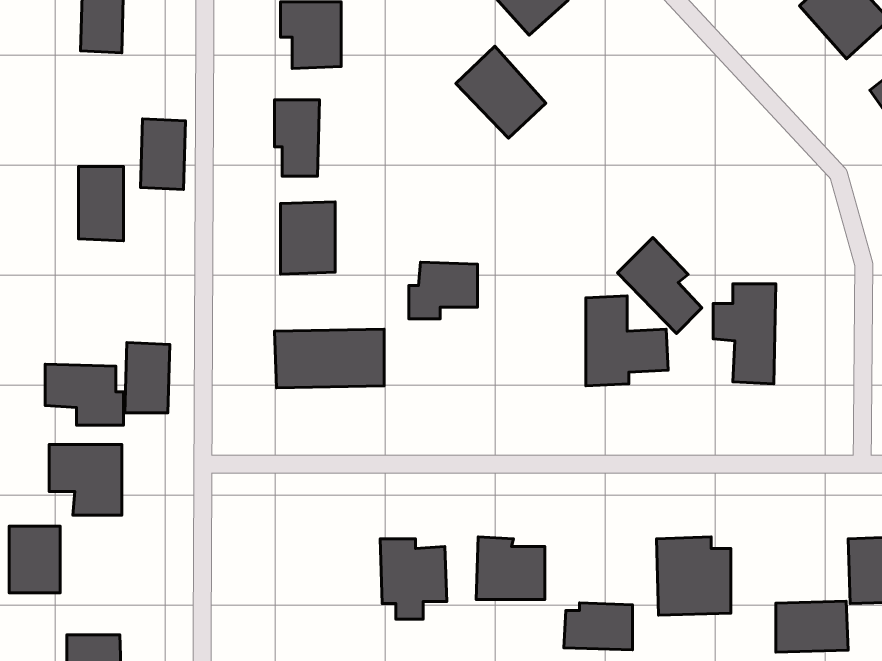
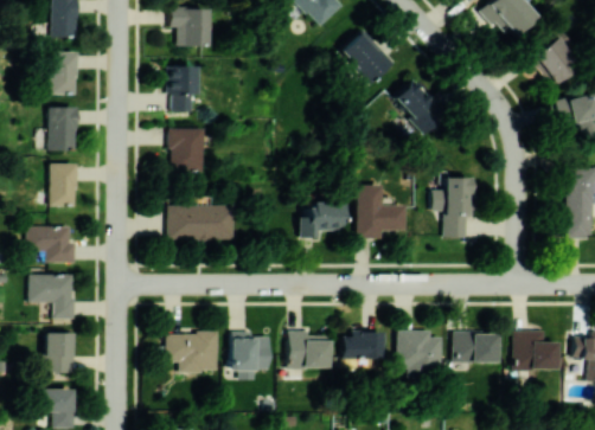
building: [456,46,546,138] -> [341,30,396,85]
building: [141,119,186,190] -> [50,52,77,95]
building: [618,237,702,333] -> [394,78,444,136]
building: [409,262,477,319] -> [300,204,341,238]
building: [125,342,170,413] -> [50,163,77,206]
building: [9,526,60,593] -> [45,333,76,373]
building: none -> [168,333,220,372]
building: [776,601,848,652] -> [455,333,499,364]
building: [564,603,632,650] -> [344,332,385,360]

